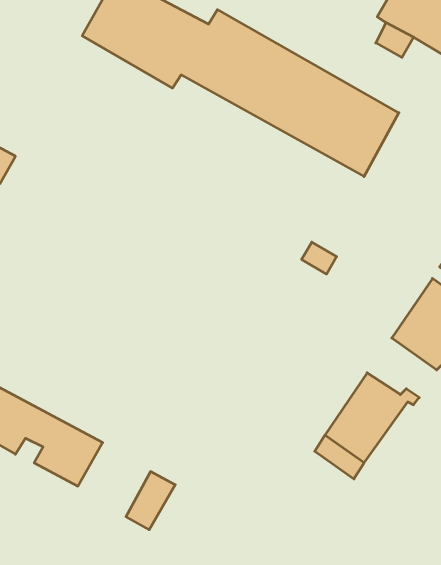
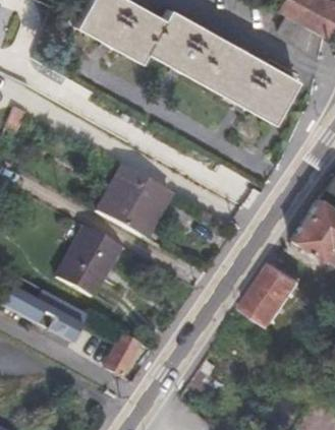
building: none -> [94,162,170,237]
building: none -> [56,223,119,291]

